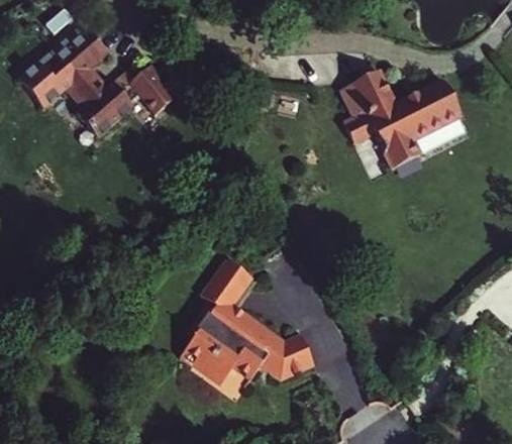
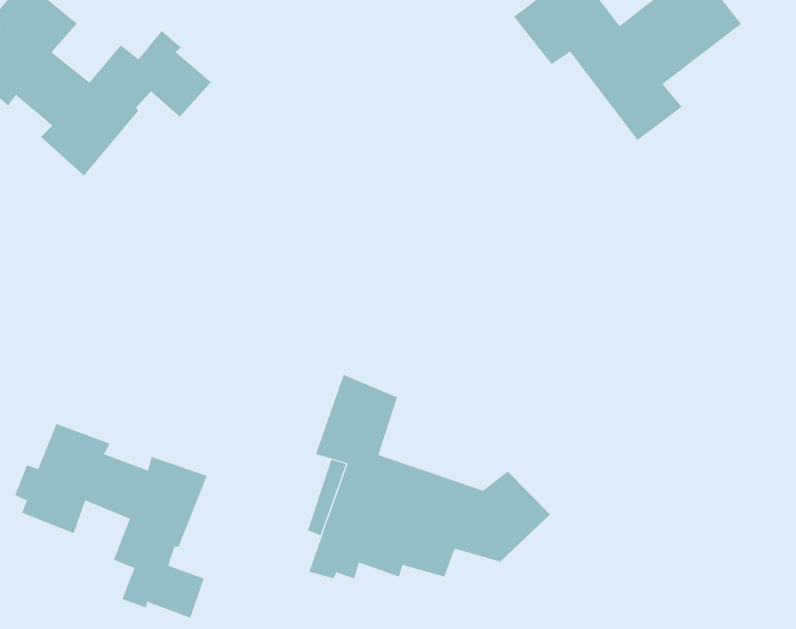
building: none -> [14,423,207,619]
building: [194,368,253,402] -> none

